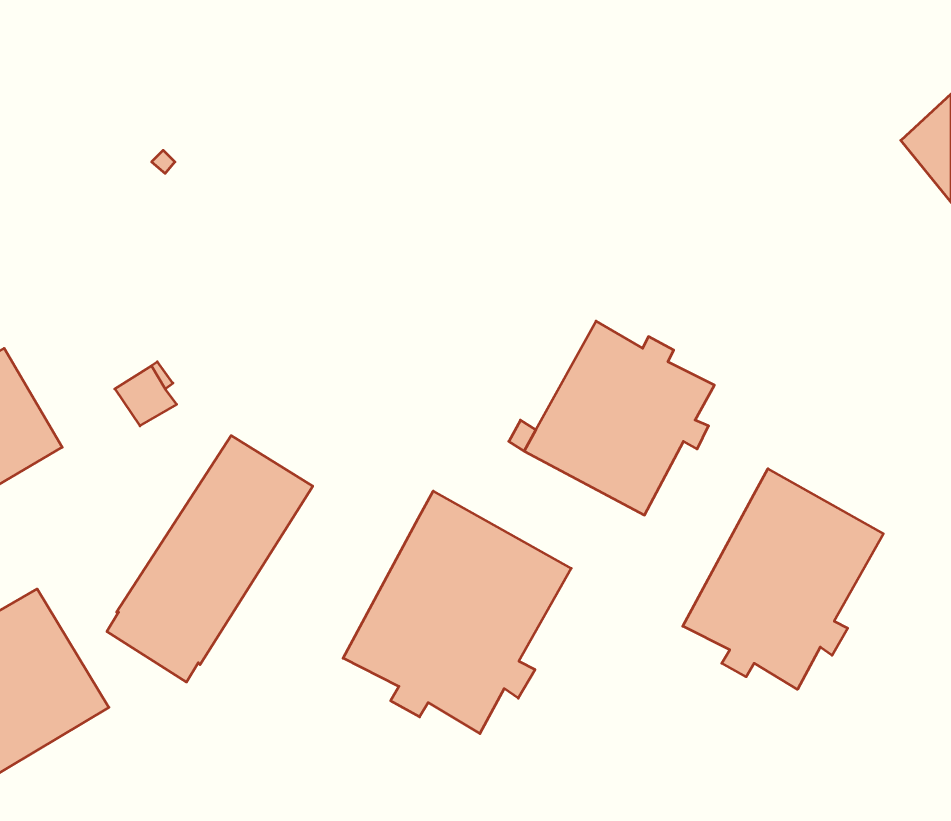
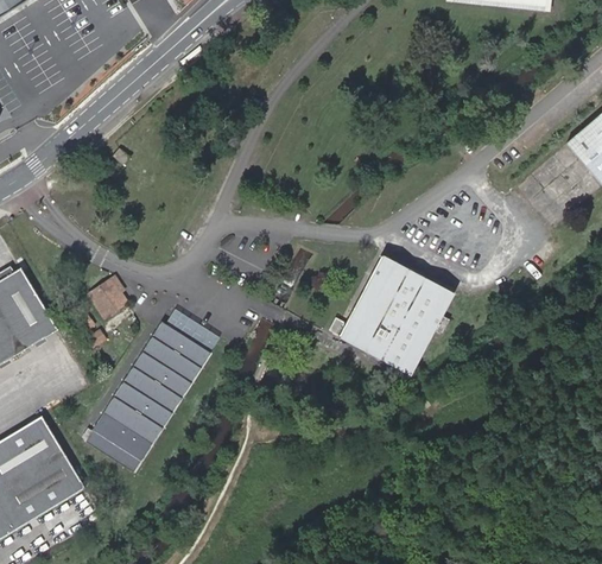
building: none -> [159,308,218,354]
building: [683,469,883,689] -> none
building: [343,491,571,734] -> none

